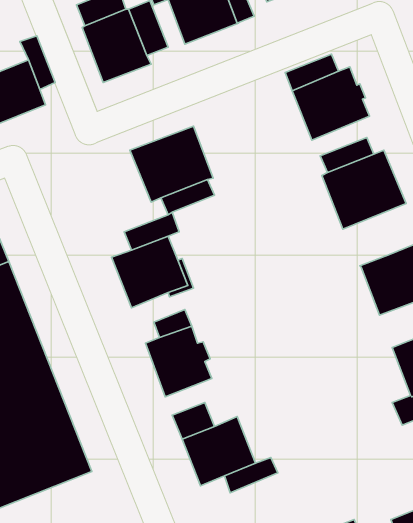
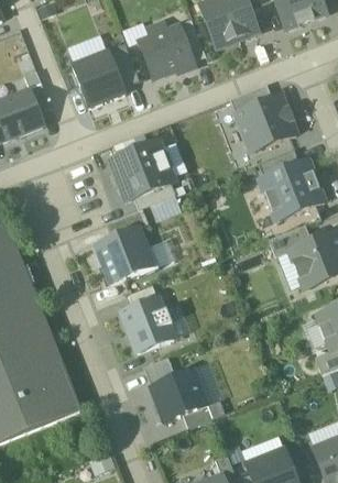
building: none -> [268,224,312,257]

